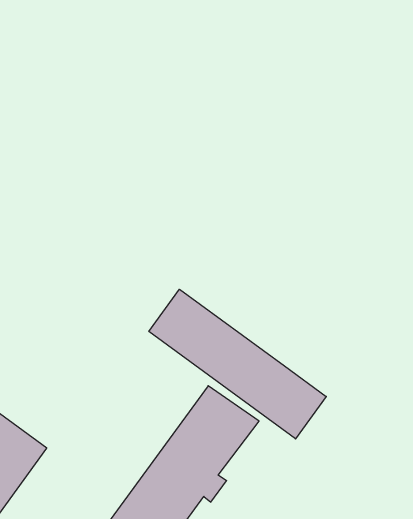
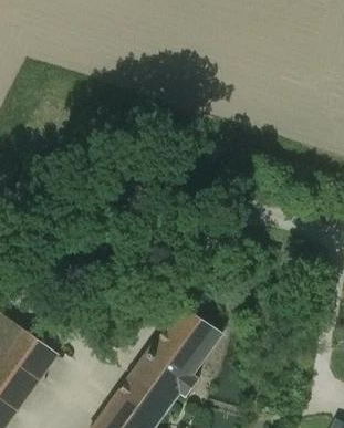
building: [149,289,326,439] -> none

